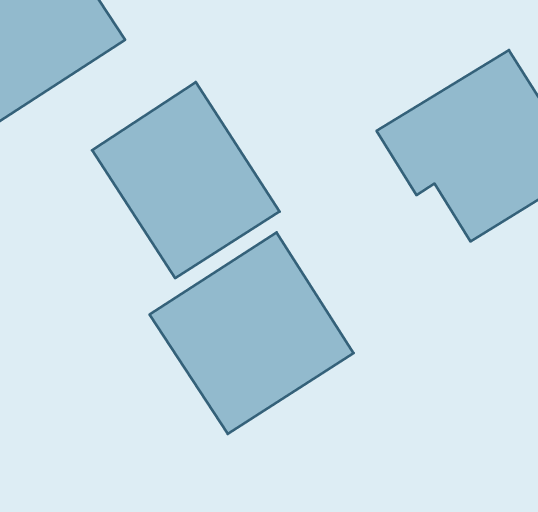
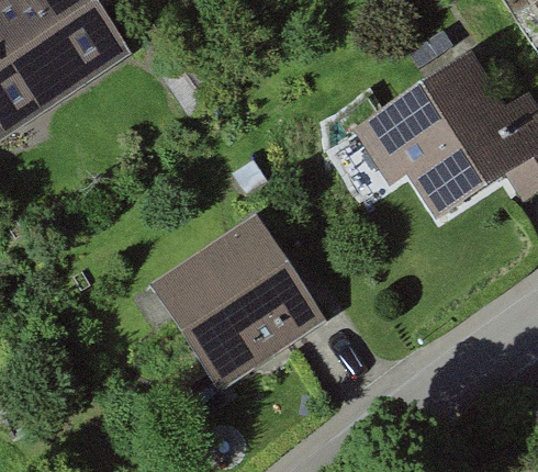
building: [92,82,280,278] -> none

